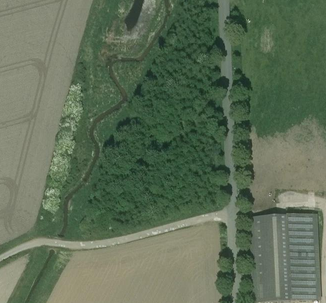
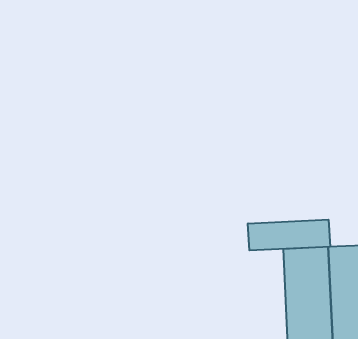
building: none -> [248,220,330,250]

